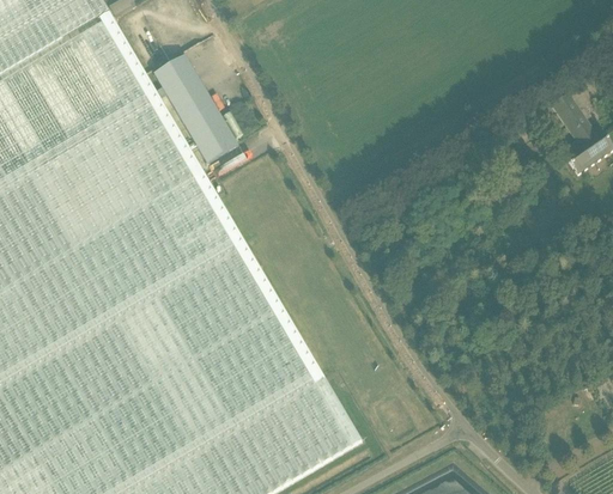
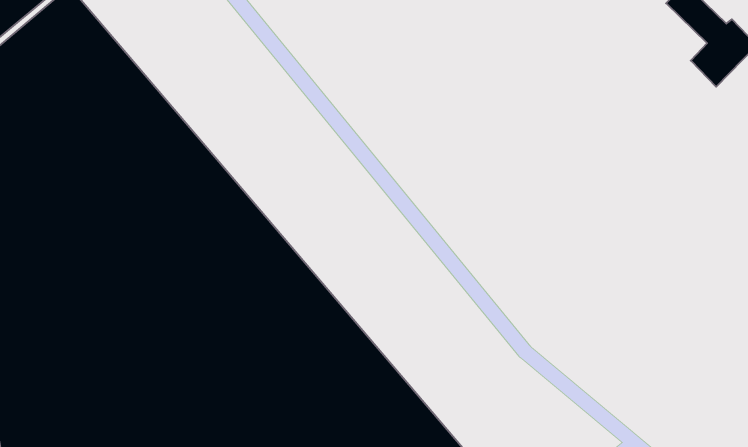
building: [153,55,233,164] -> none

